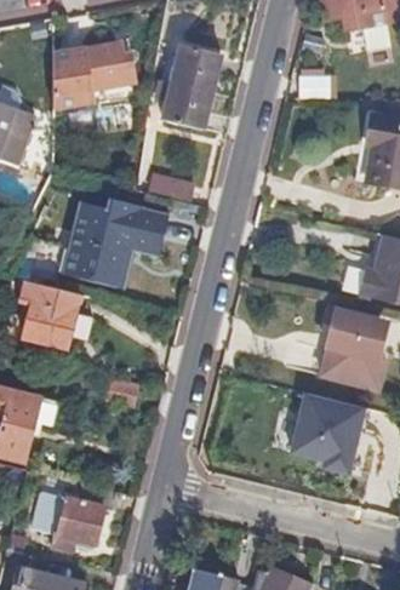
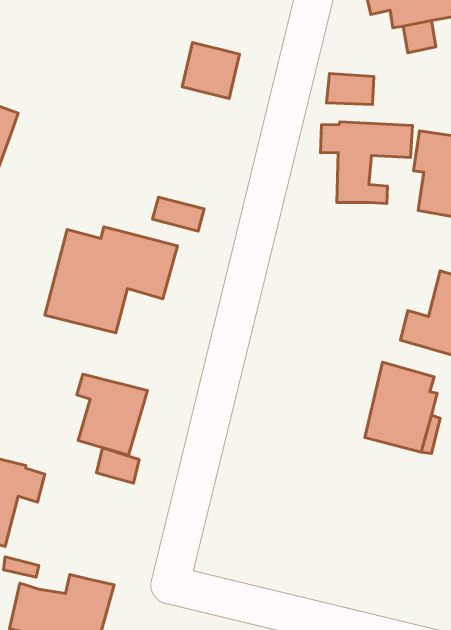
building: [51,41,132,103] -> none
building: [156,79,211,127] -> none
building: none -> [321,122,412,204]
building: [28,277,86,344] -> [77,374,148,455]
building: [288,391,365,475] -> none

